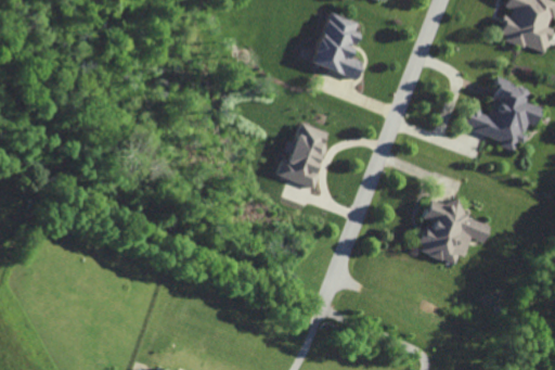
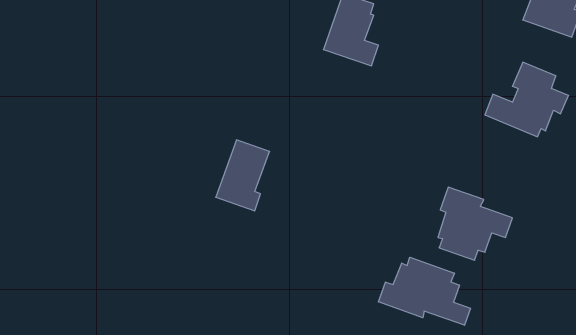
building: [278,123,328,190] -> [216,140,270,211]
building: none -> [378,257,470,325]

